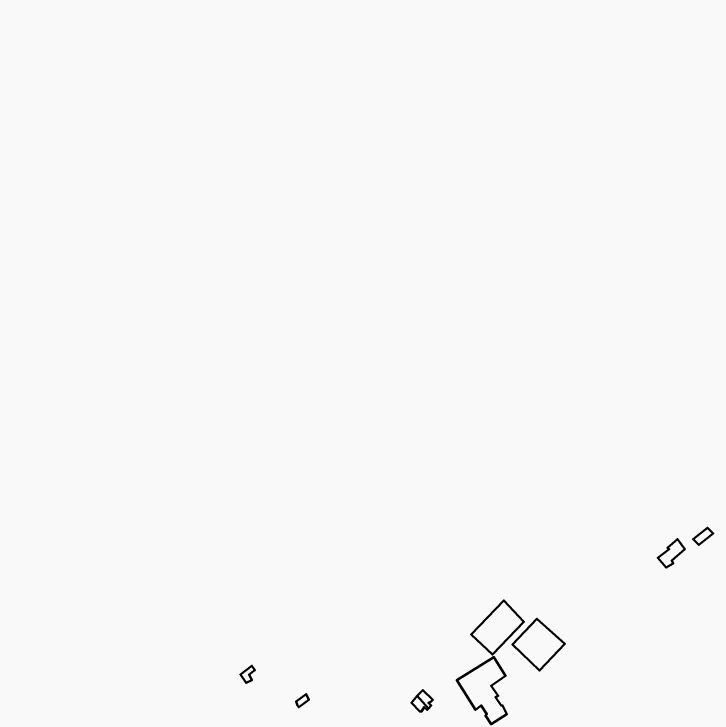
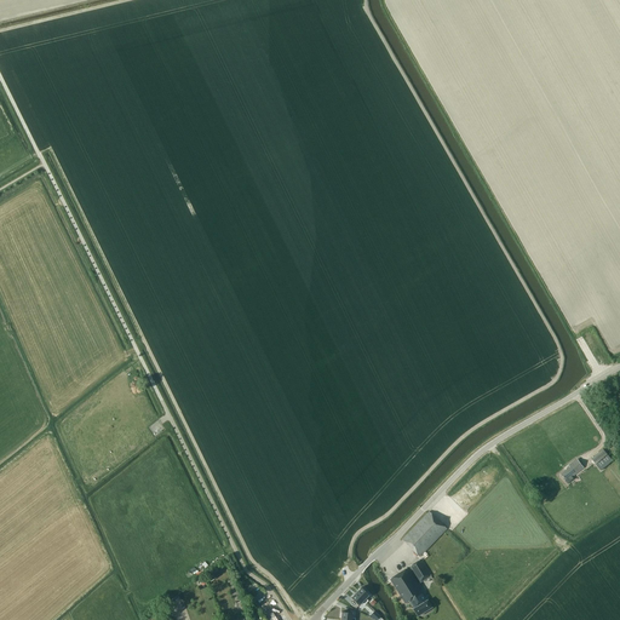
building: [512,619,565,671] -> none

